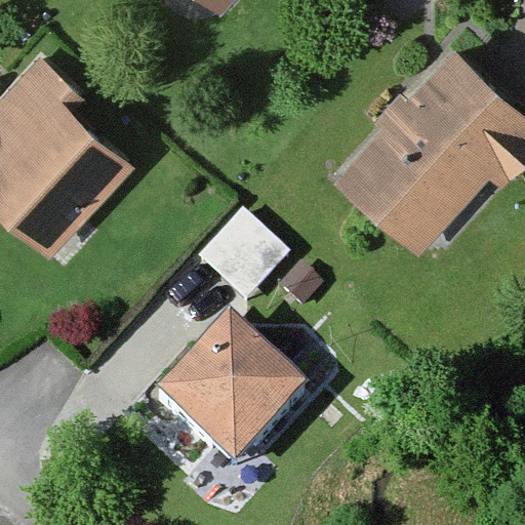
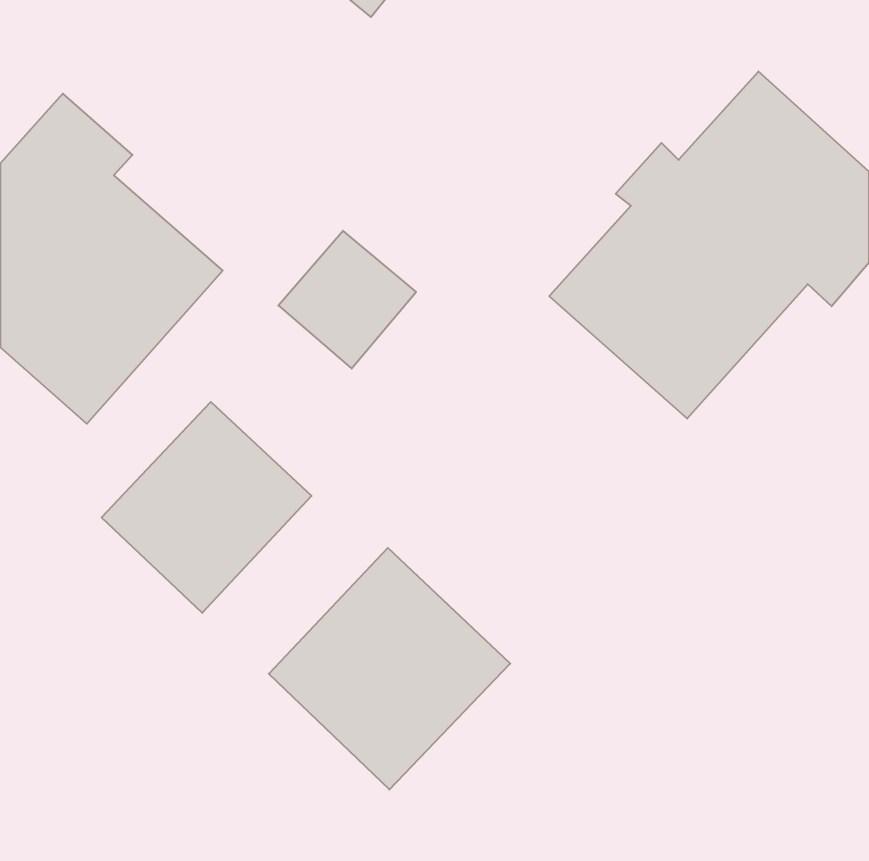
building: [200,220,283,304] -> [278,231,416,369]
building: none -> [102,402,312,613]

